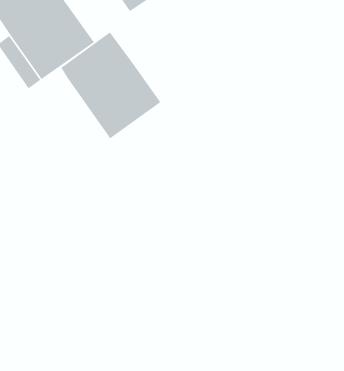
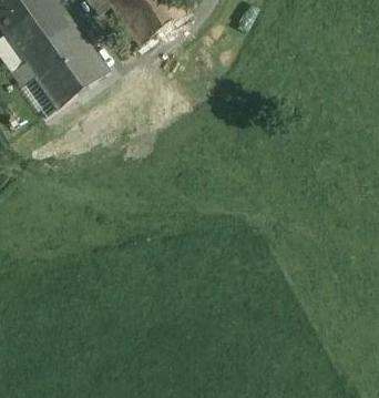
building: [60,31,161,139] -> none

